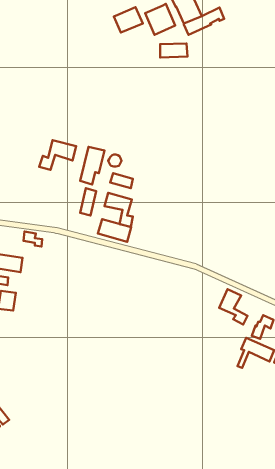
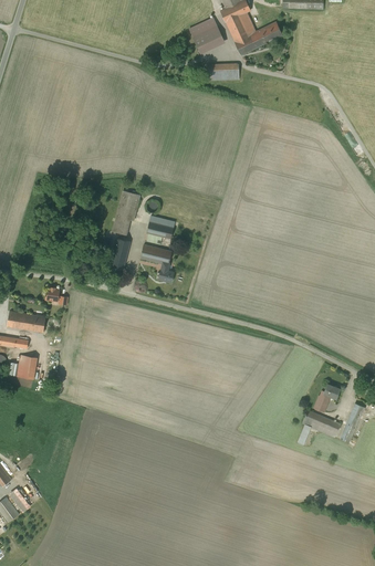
building: [114,7,143,33] -> none
building: [39,140,76,170] -> none
building: [98,219,131,242] -> none
building: [219,289,248,325] -> none

